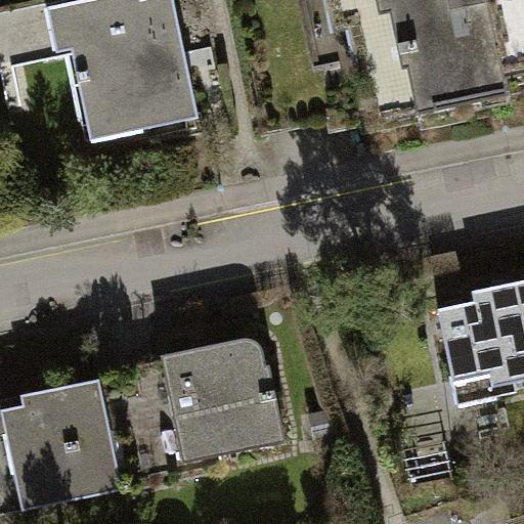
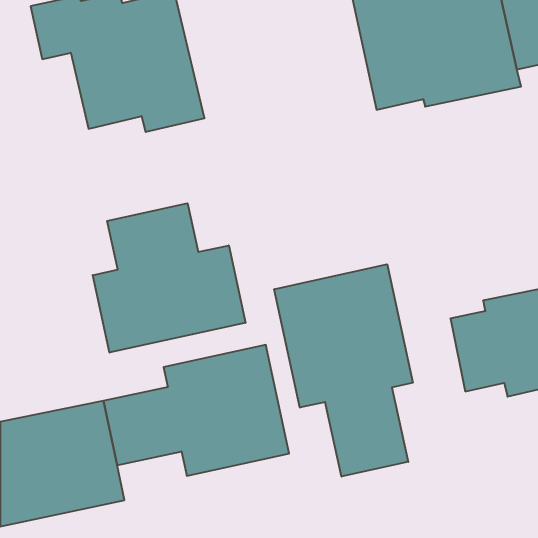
building: none -> [93,203,245,353]
building: none -> [274,264,413,477]

